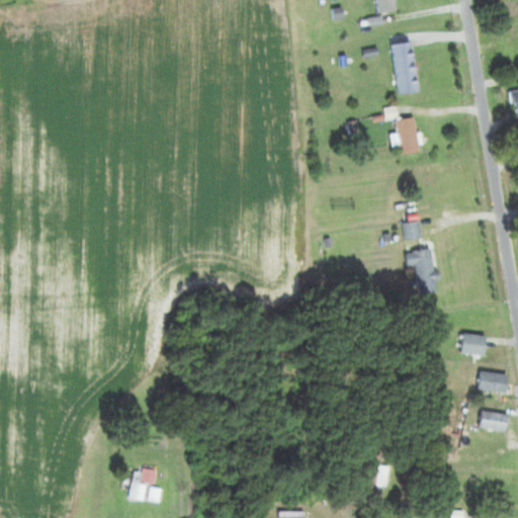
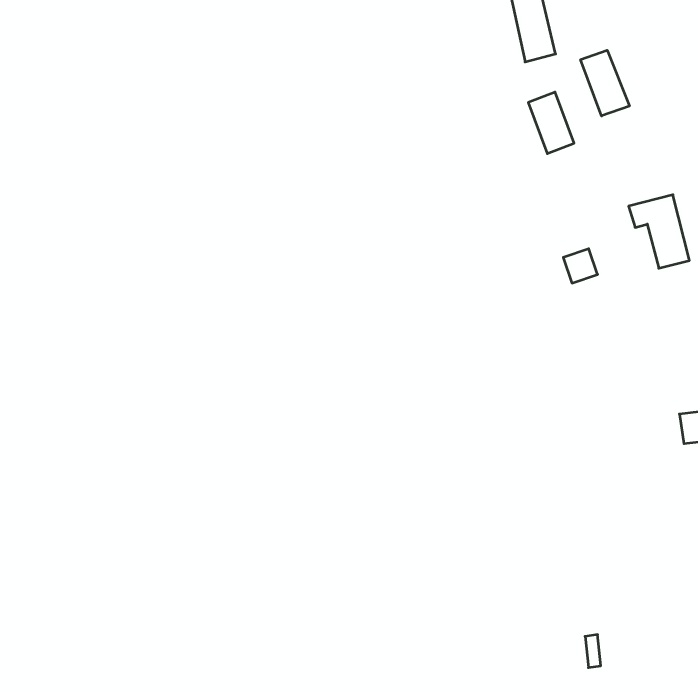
building: none -> [581,50,629,116]
building: [405,248,438,293] -> [629,195,689,268]

